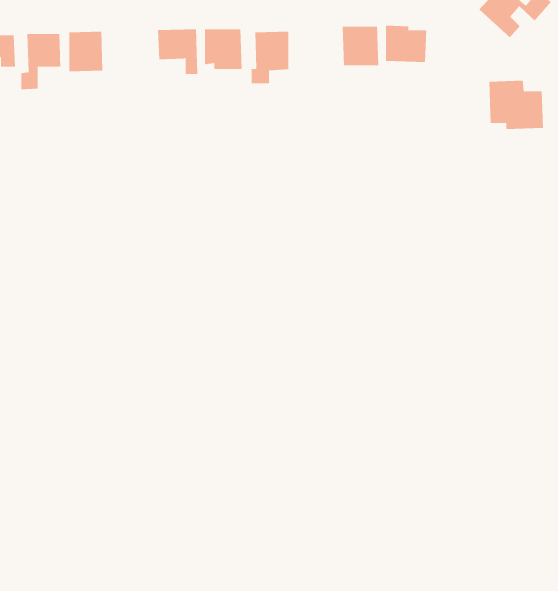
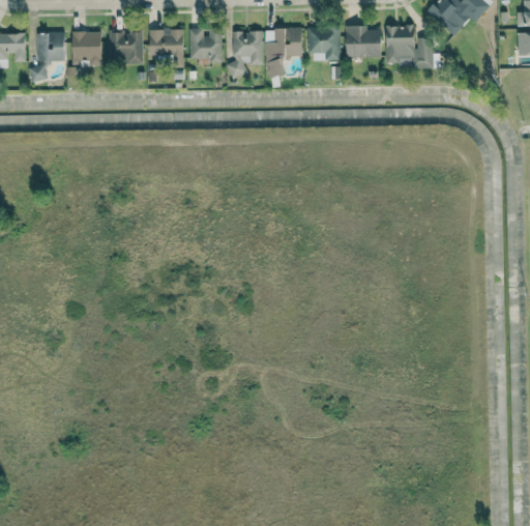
building: none -> [265,27,302,76]
building: none -> [109,29,143,63]
building: [489,80,544,129] -> [385,25,433,67]

